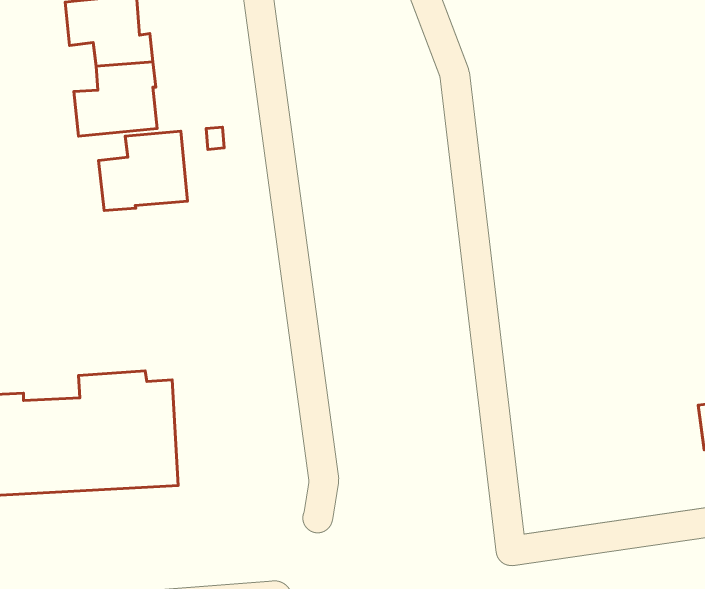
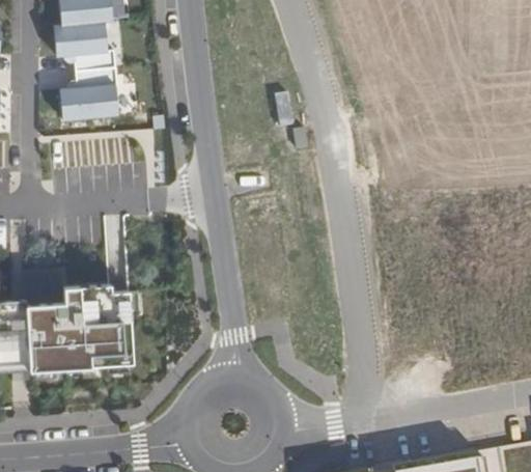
building: [98,131,187,211] -> none

